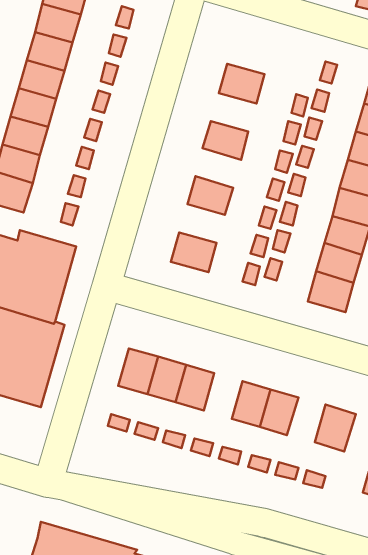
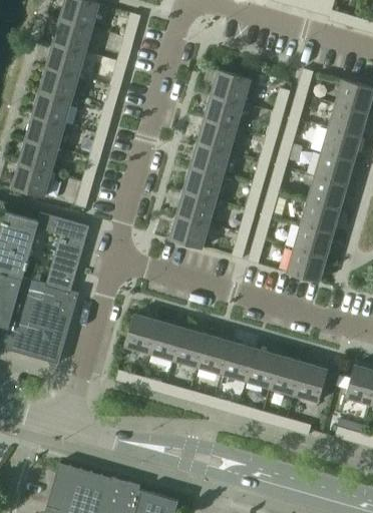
building: none -> [204,95,243,128]
building: none -> [191,142,230,176]
building: none -> [176,190,216,223]
building: none -> [198,335,231,374]
building: none -> [269,356,302,394]

